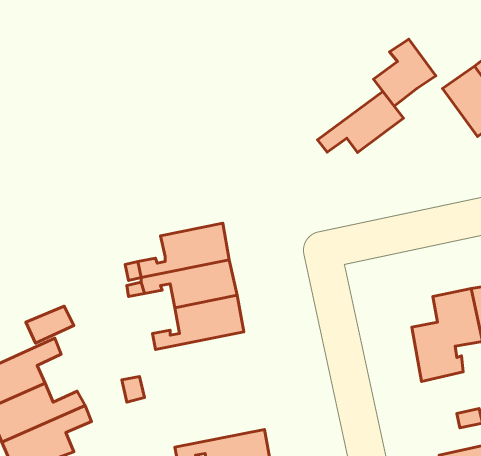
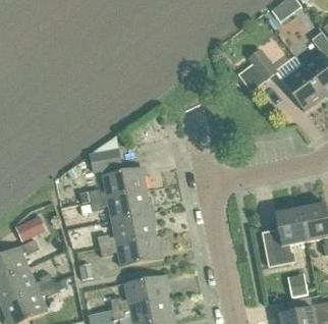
building: [317,91,403,152] -> none
building: none -> [89,147,122,172]
building: none -> [100,235,161,266]
building: none -> [110,274,169,309]

